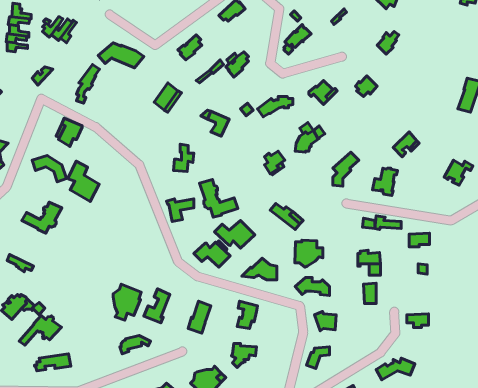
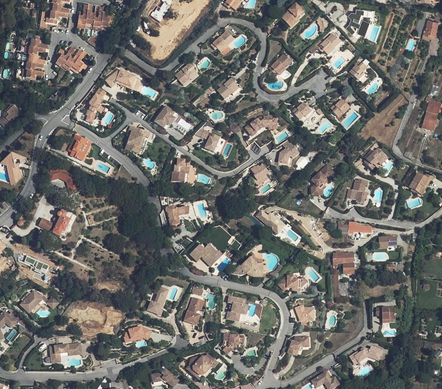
building: none -> [125,125,154,154]
building: [68,161,99,201] -> none
building: [199,180,238,217] -> none
building: [214,220,255,248] -> none
building: [295,240,323,267] -> none
building: [113,284,141,320] -> none
building: [19,316,61,345] -> none

